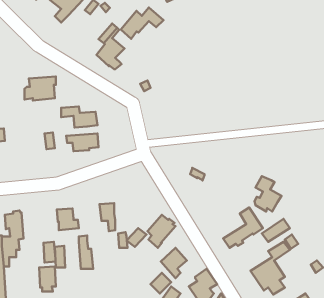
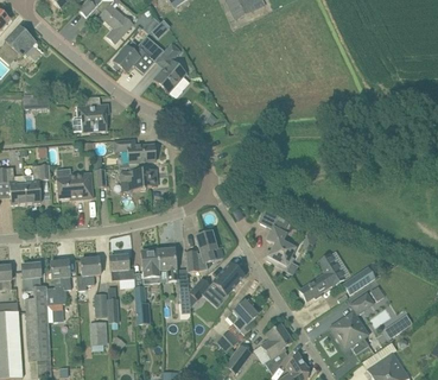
building: [121,8,164,39] -> [114,36,163,71]
building: none -> [56,167,93,198]
building: [255,176,282,211] -> [265,224,296,265]
building: none -> [186,230,216,271]
building: none -> [141,249,160,281]
building: none -> [76,256,100,290]

